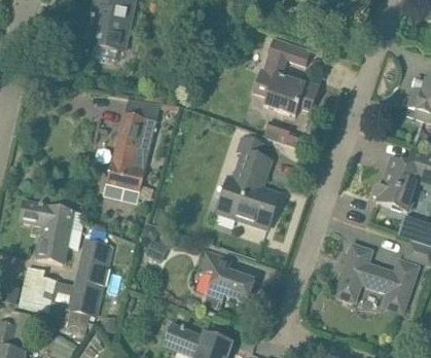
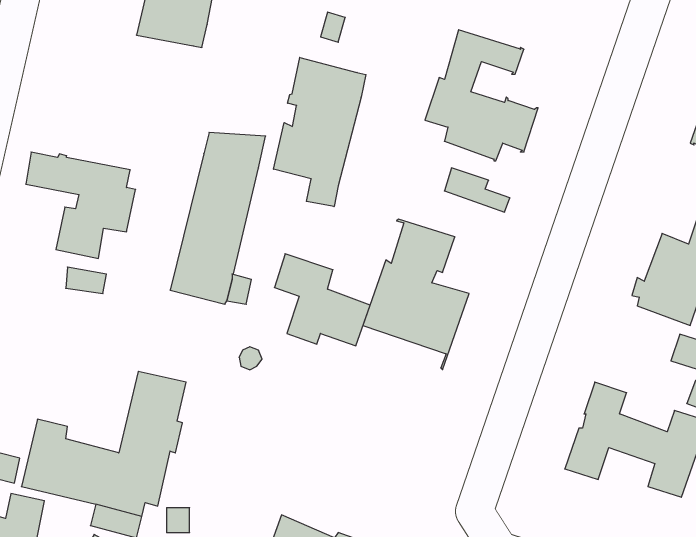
building: none -> [274,57,366,207]
building: [20,202,83,263] -> [26,152,136,258]
building: [199,249,254,302] -> [274,254,370,346]

